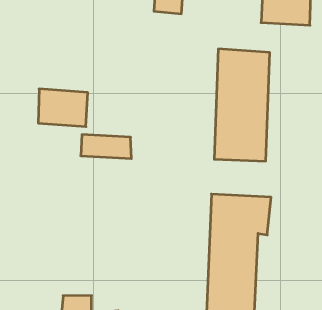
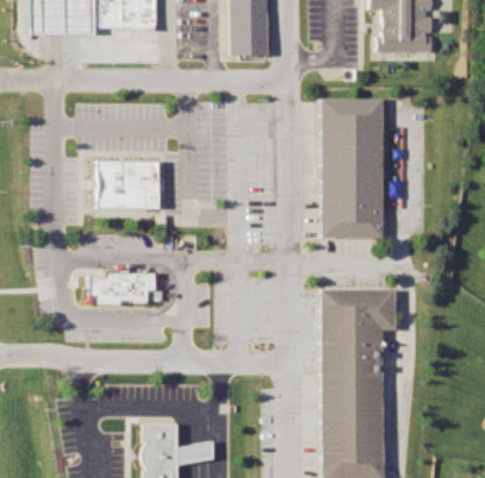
building: [81,135,131,159] -> [87,276,152,303]

